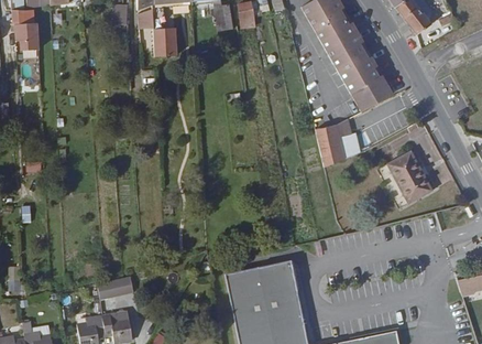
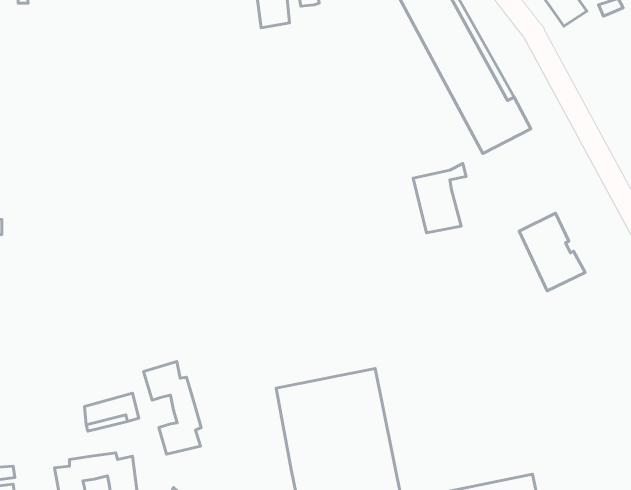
building: [153,19,175,51] -> none
building: none -> [144,362,201,454]

